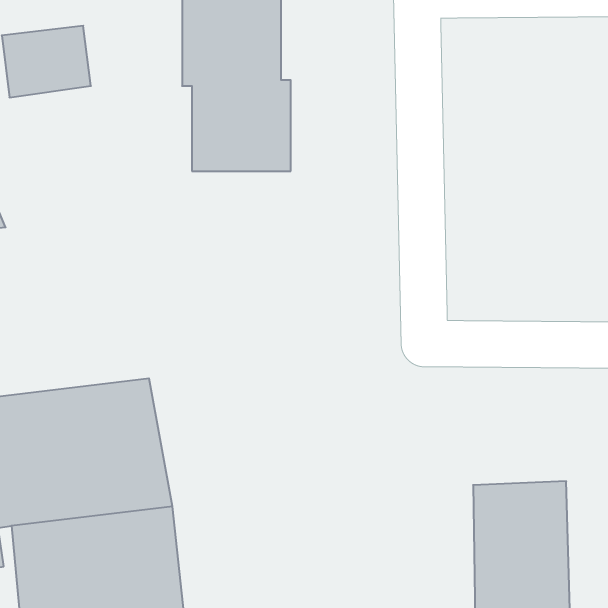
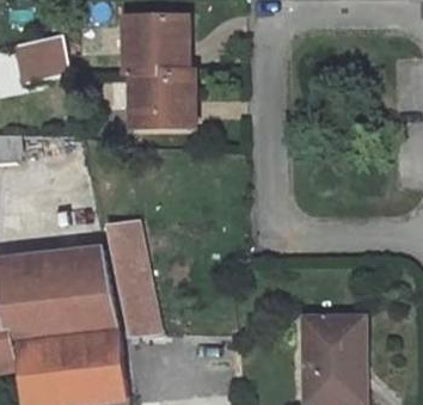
building: none -> [105,219,153,332]

